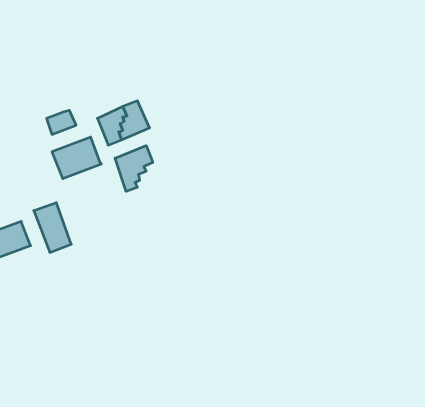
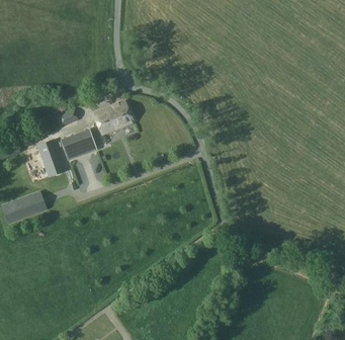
building: [115,146,153,191] -> none
building: [34,203,71,252] -> [37,139,66,176]

